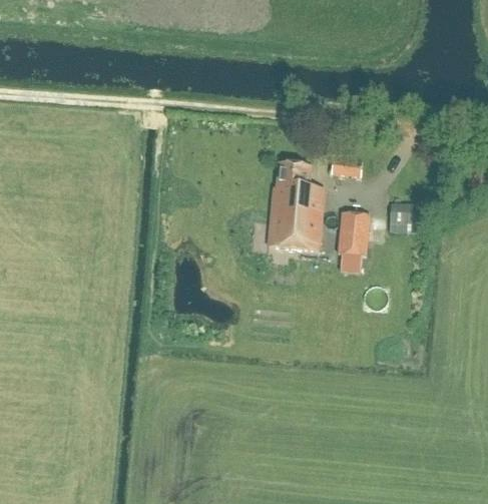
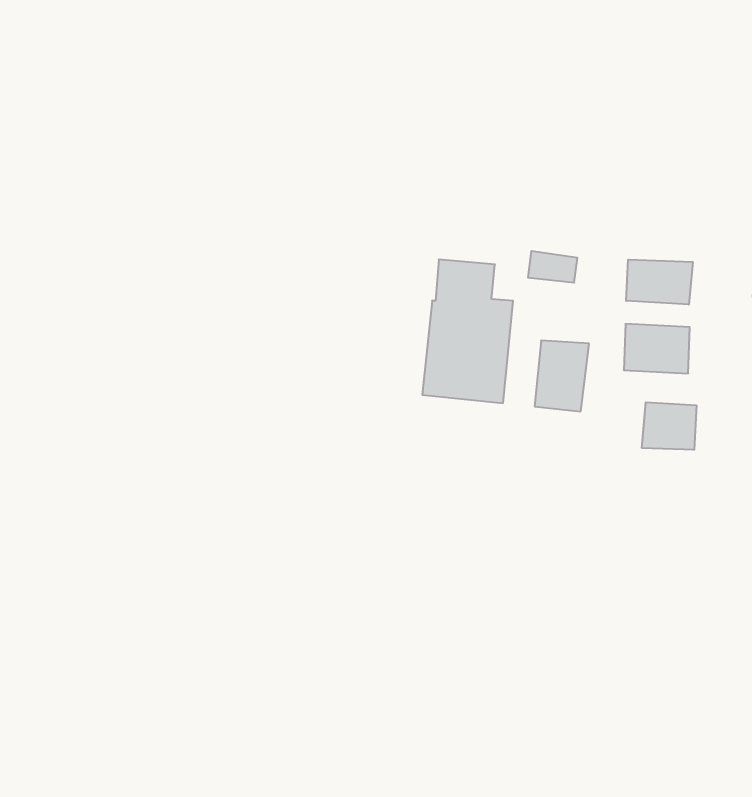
building: none -> [626,260,693,305]
building: none -> [642,402,696,450]

